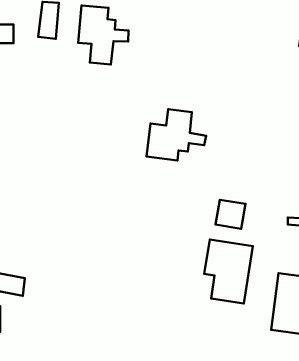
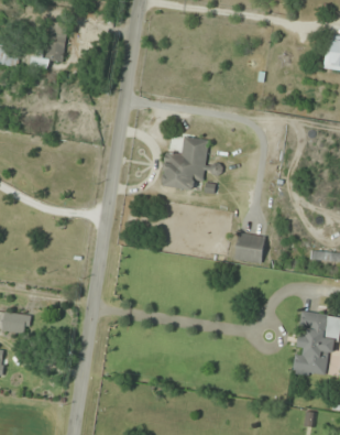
building: [78,5,128,64] -> none
building: [204,239,253,303] -> none

